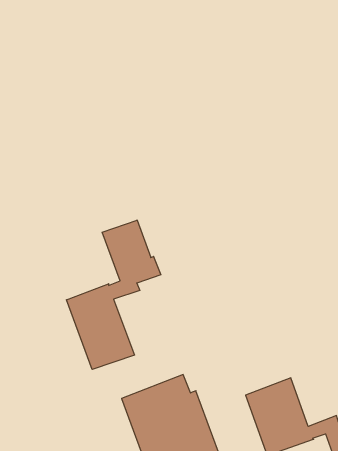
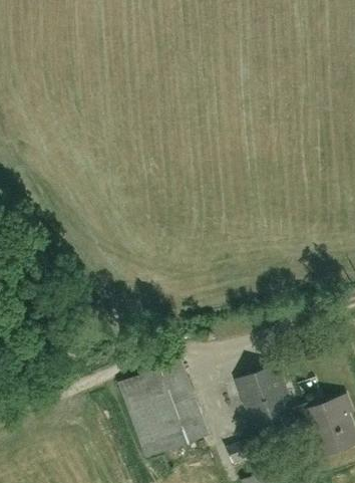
building: [66,220,161,369] -> none

